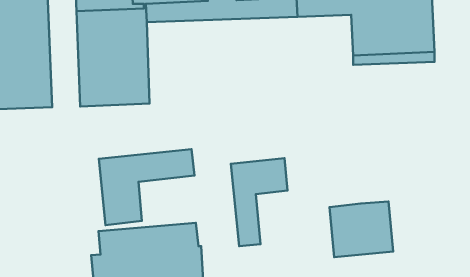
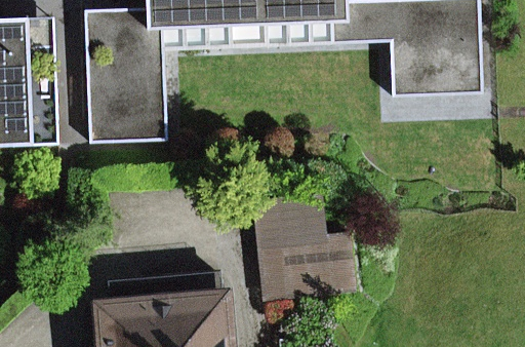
building: [99,149,194,225] -> none
building: [329,202,393,257] -> [284,235,355,297]

